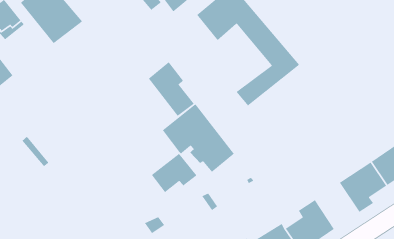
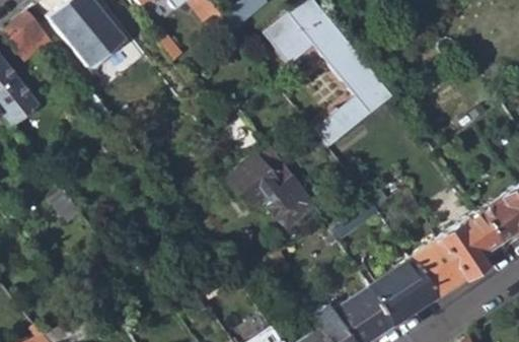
building: [148,61,195,117] -> none
building: [151,153,197,193] -> none
building: none -> [413,238,467,296]

